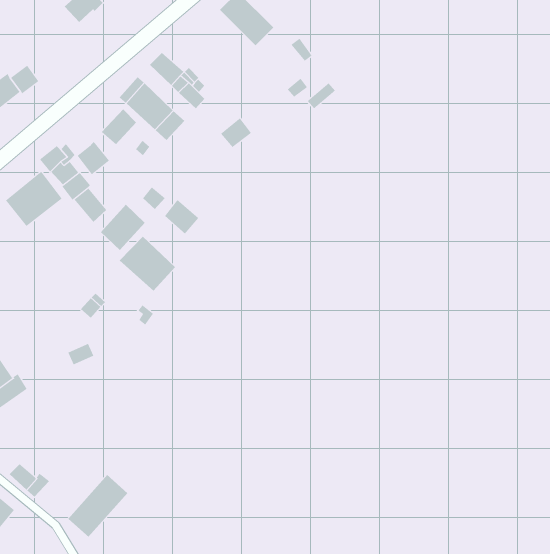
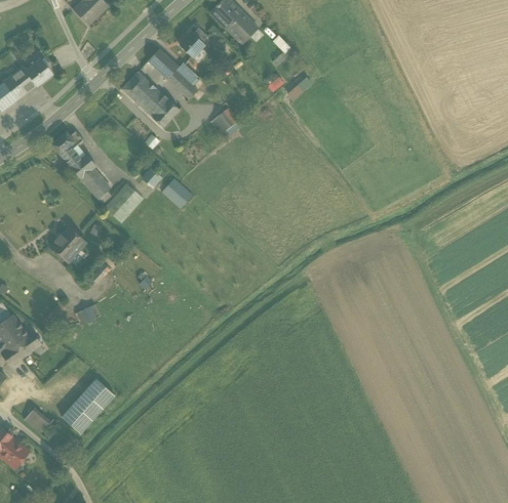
building: none -> [180,27,207,56]
building: [101,108,137,145] -> none
building: [77,141,110,175] -> none
building: [5,171,62,227] -> none
building: [119,236,176,292] -> none
building: none -> [50,225,85,261]
building: [67,474,128,537] -> [62,377,115,432]

